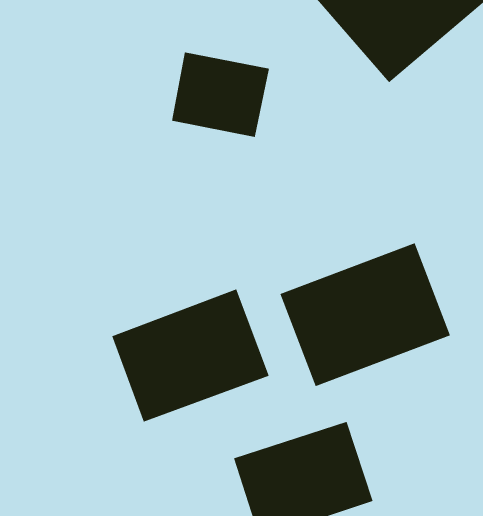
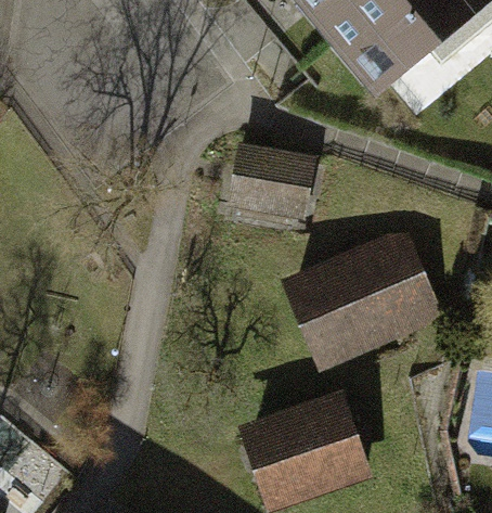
building: [171,52,270,137] -> [224,145,314,223]
building: [111,289,269,422] -> none

